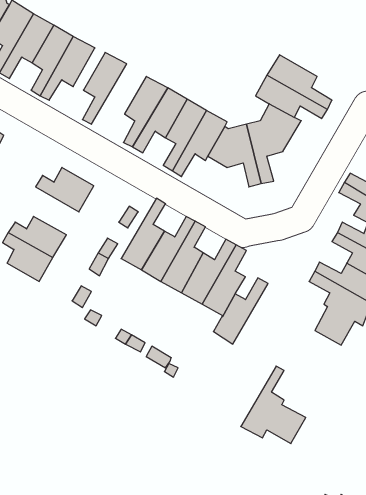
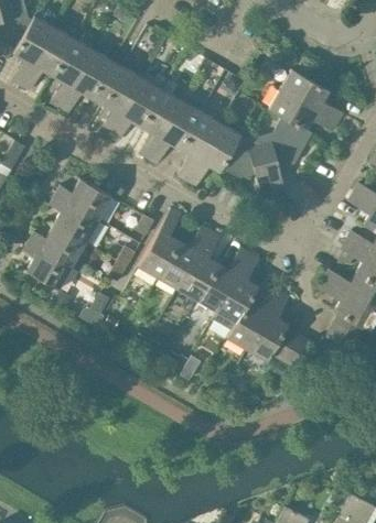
building: none -> [109,78,162,142]
building: none -> [50,197,97,243]
building: [241,366,306,444] -> [246,291,309,366]

